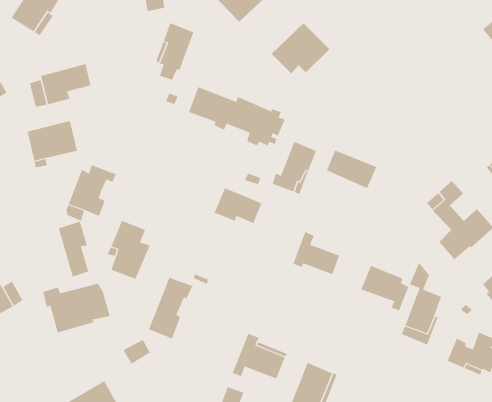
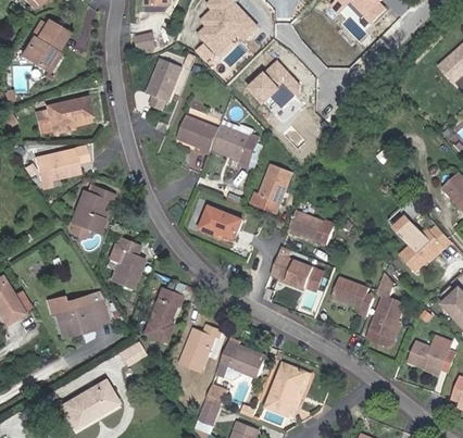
building: [326,150,377,189] -> [289,211,335,246]
building: [58,221,89,278] -> none
building: none -> [278,267,324,295]
building: none -> [179,325,223,373]

